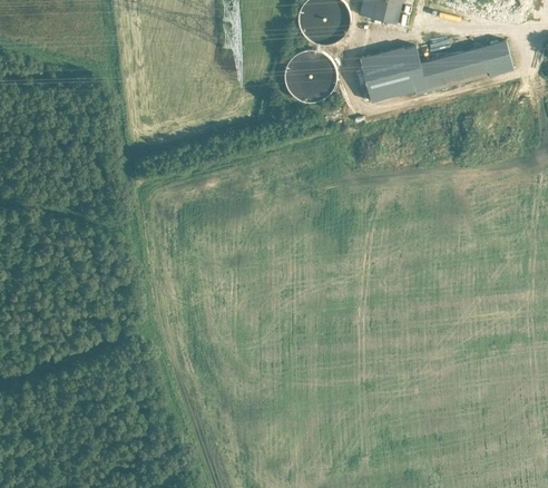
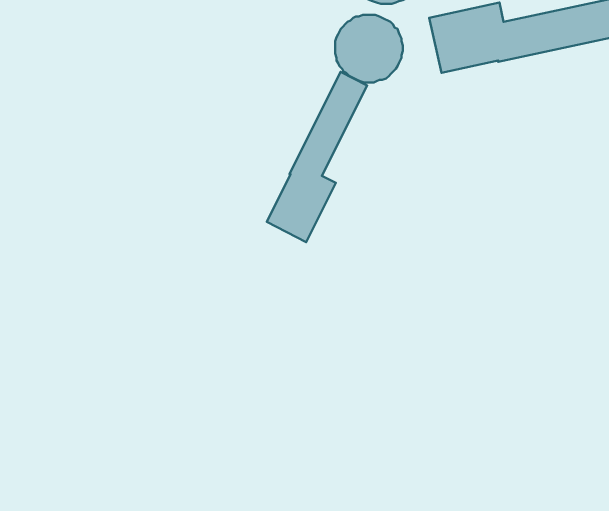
building: none -> [267,72,367,242]

